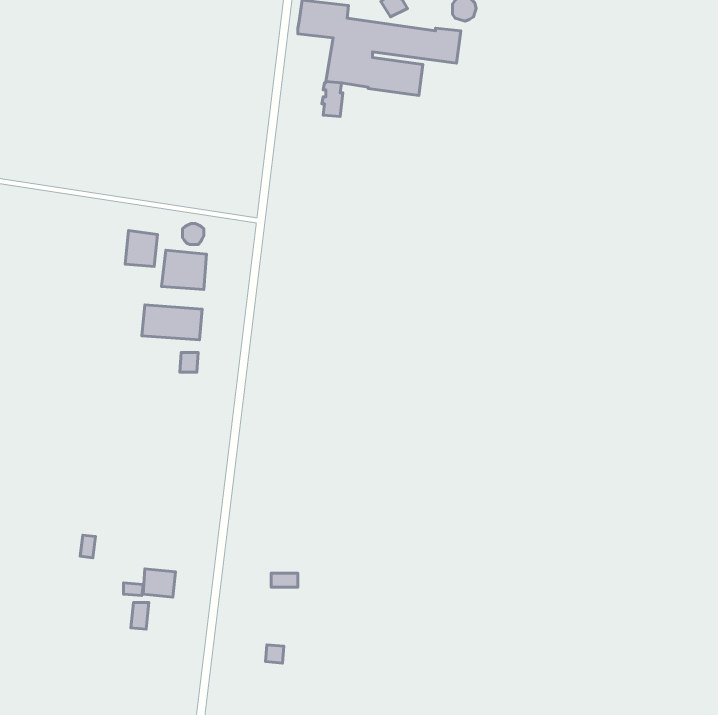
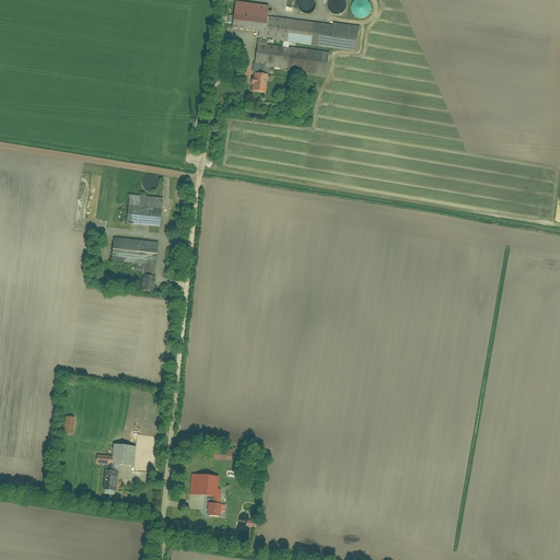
building: [125,230,157,266] -> none
building: none -> [189,474,219,493]

